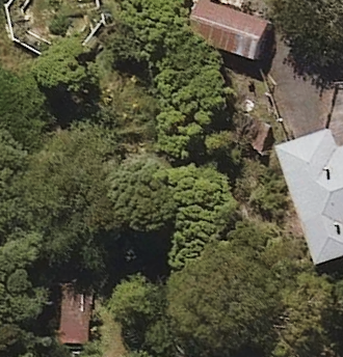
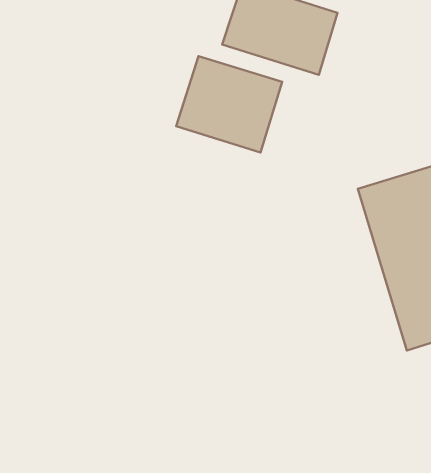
building: none -> [176,56,282,153]

